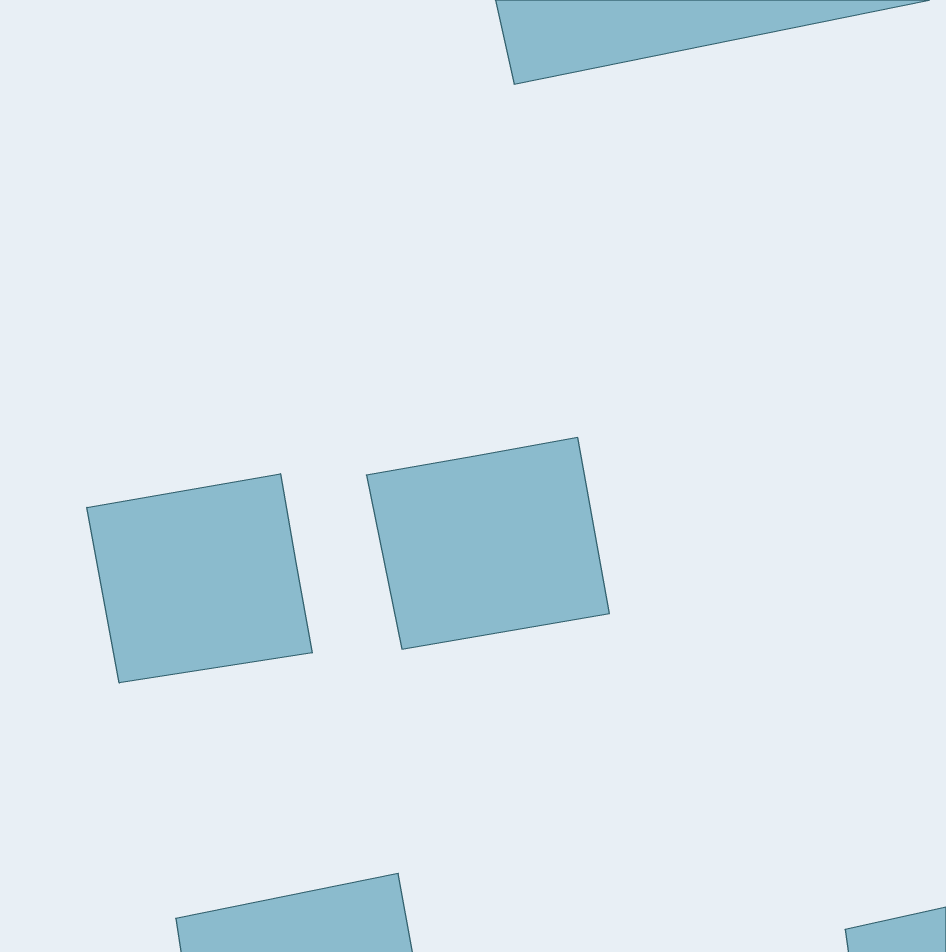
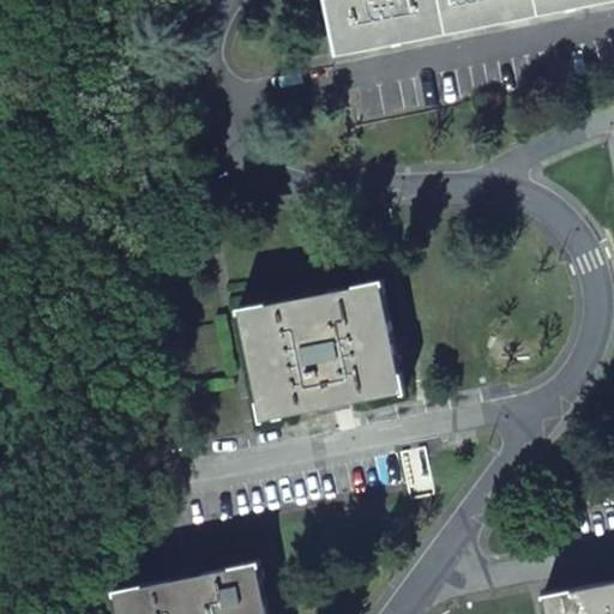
building: none -> [258,282,399,422]
building: [87,474,312,683] -> none

